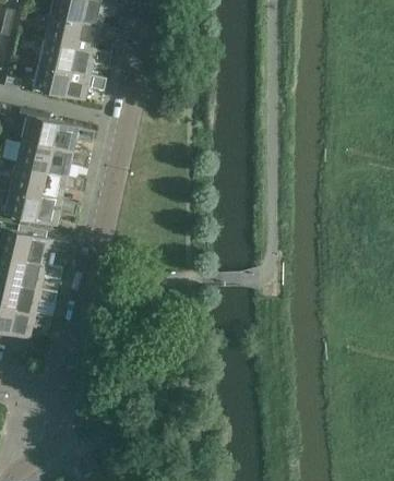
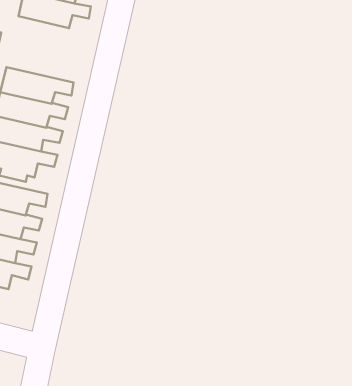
building: [31,63,105,100] -> none

